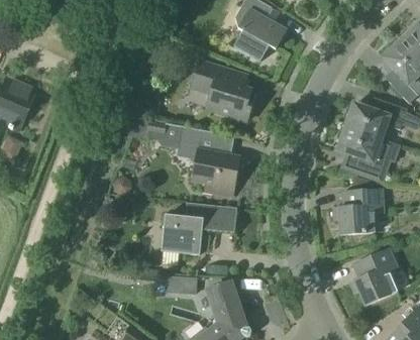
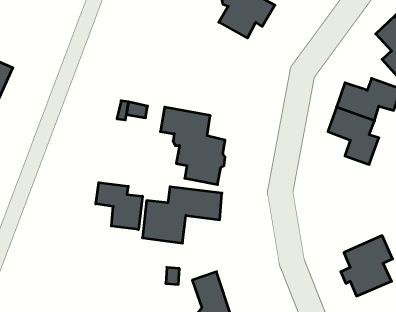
building: [191,60,255,120] -> none
building: [333,188,384,233] -> none
building: none -> [96,183,142,230]

